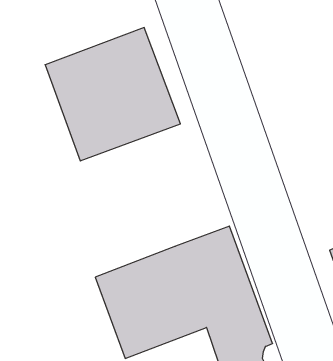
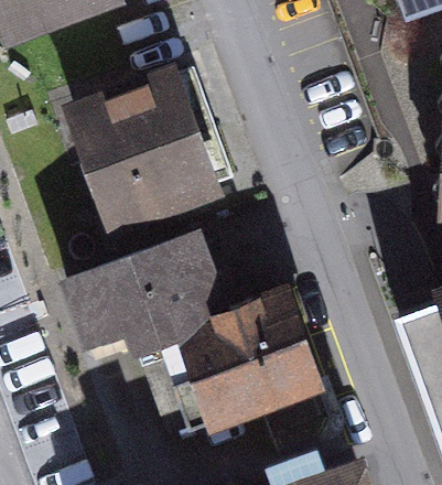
building: none -> [67,234,226,349]

